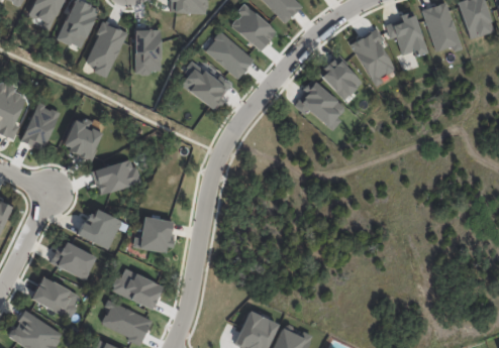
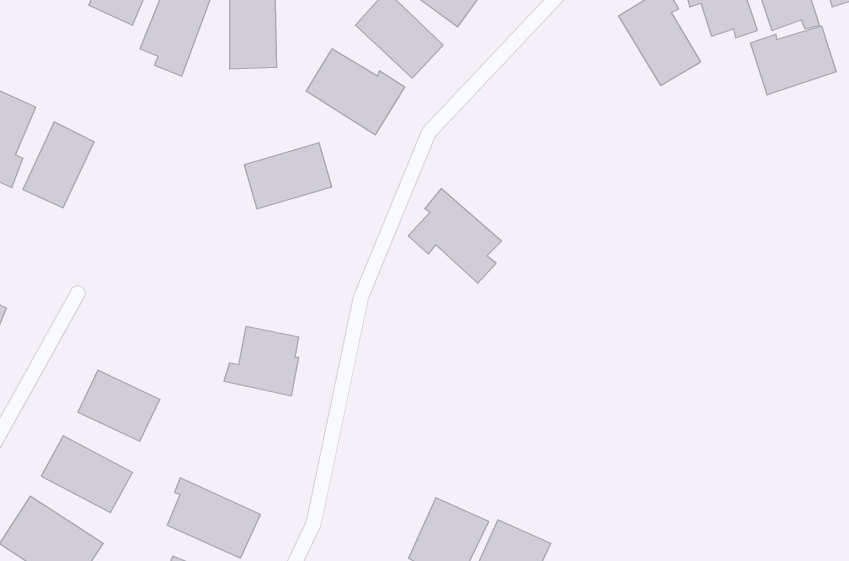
building: none -> [751,26,836,95]
building: [318,54,364,100] -> none
building: [294,79,345,131] -> [408,188,501,283]
building: [63,117,103,160] -> none
building: [92,158,140,195] -> [244,143,332,209]
building: [79,208,122,249] -> none
building: [111,268,164,310] -> none

